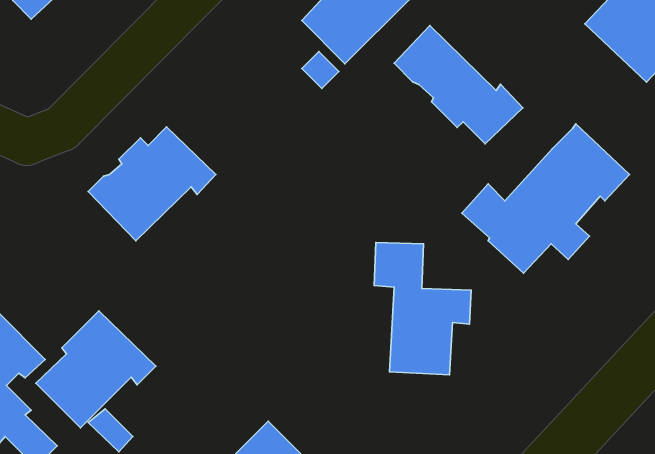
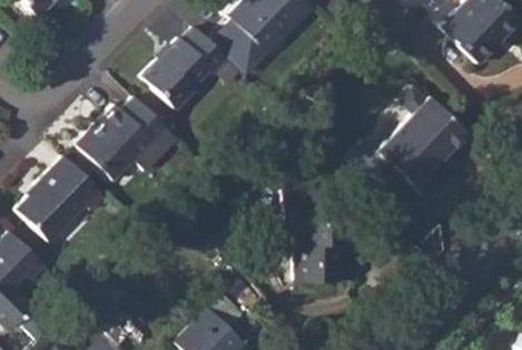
building: [394,25,523,144] -> none
building: none -> [141,28,226,107]
building: [36,311,156,428] -> [18,156,105,241]

